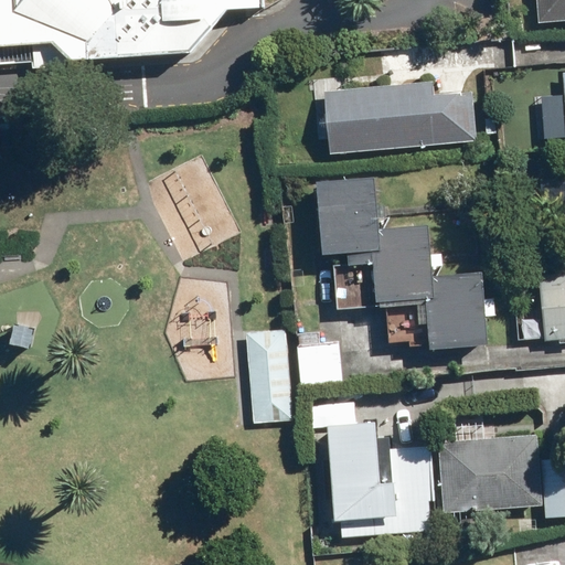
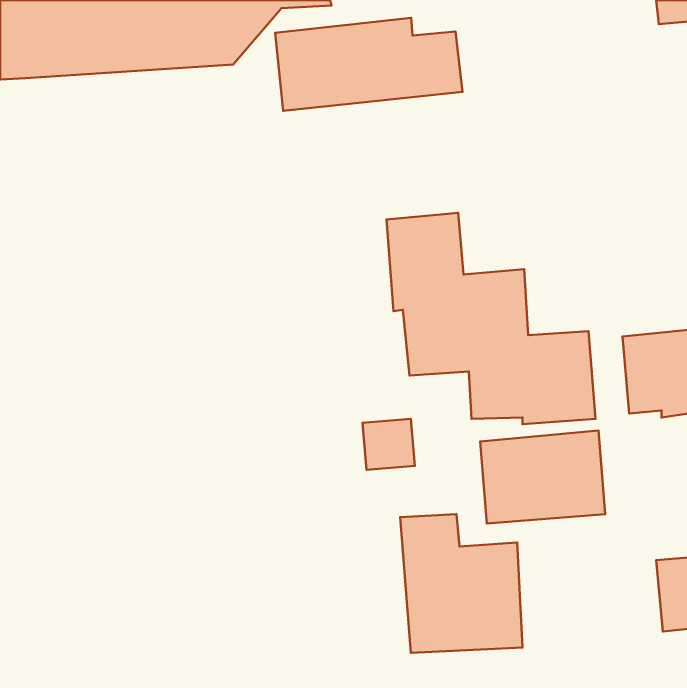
building: [323,78,477,154] -> [275,18,462,111]
building: [243,330,290,425] -> none
building: [437,434,540,510] -> [480,431,605,524]

